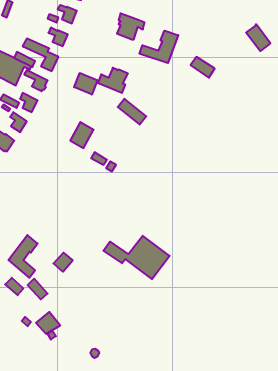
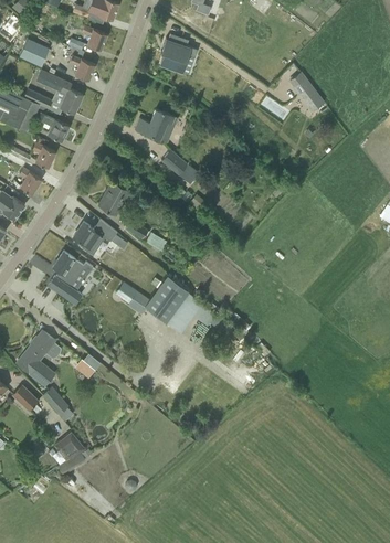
building: none -> [19,39,49,66]
building: [246,24,270,51] -> [293,77,325,113]
building: [139,31,178,63] -> none
building: [74,73,98,95] -> none
building: none -> [73,219,116,255]
building: none -> [48,252,93,304]
building: [103,236,170,279] -> [116,277,203,334]

